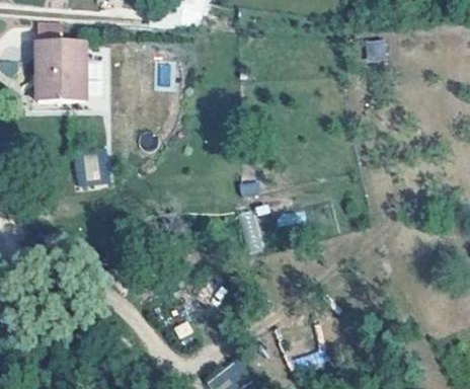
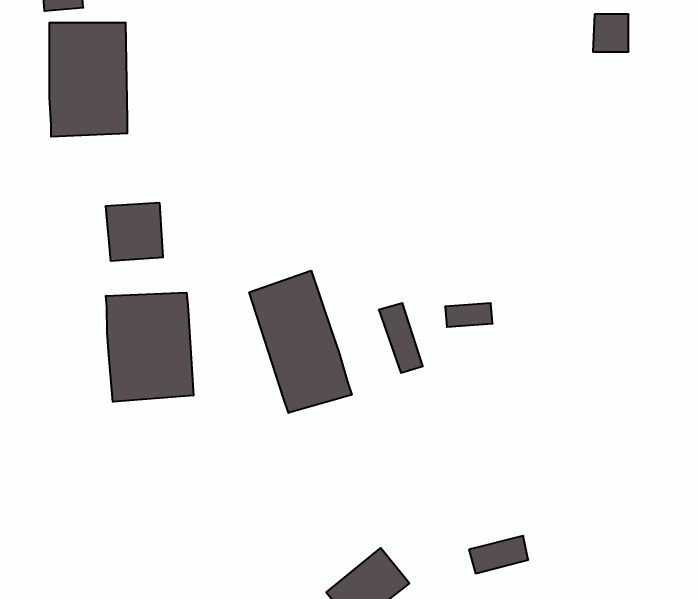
building: none -> [249,271,352,413]
building: none -> [106,293,193,402]

